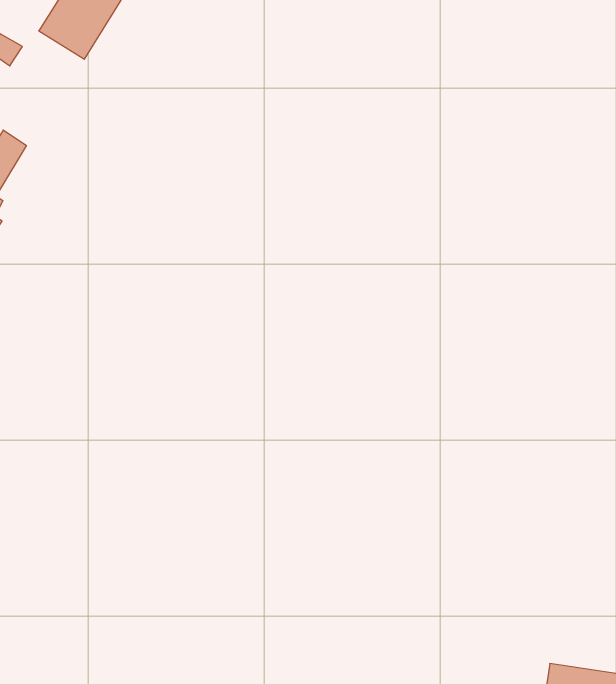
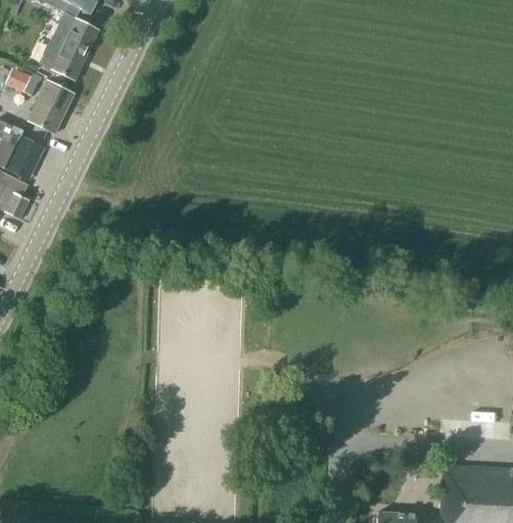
building: none -> [27,81,74,133]

